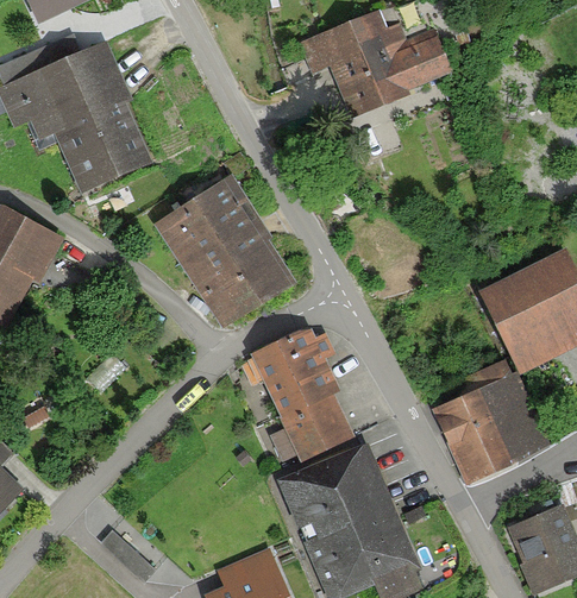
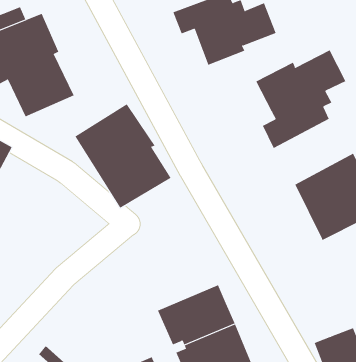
building: none -> [255,49,346,149]
building: [251,328,355,465] -> none
building: [432,359,550,484] -> none

